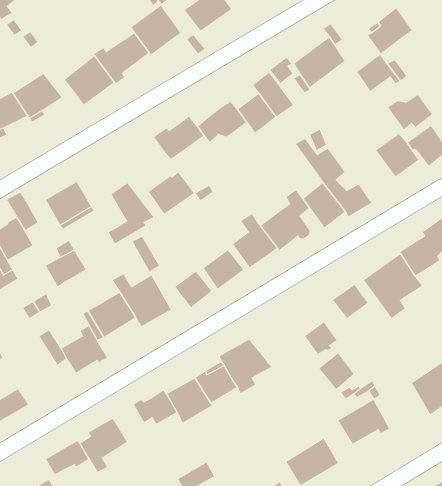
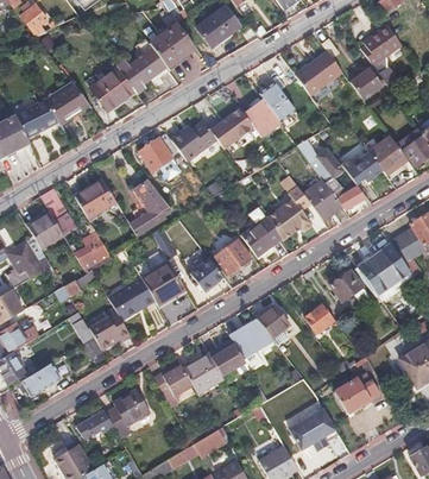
building: [387,94,433,130] -> [341,152,381,184]
building: [148,172,195,215] -> [138,133,179,171]
building: [318,353,355,390] -> [255,304,288,338]

